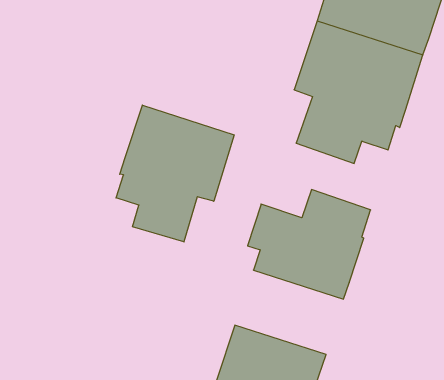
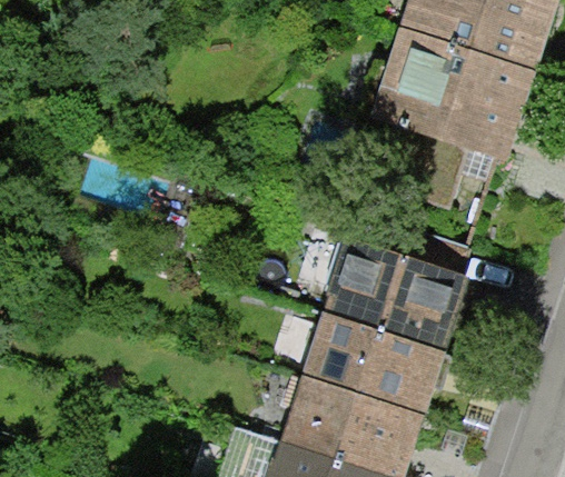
building: [116,105,234,242] -> none
building: none -> [310,316,454,415]

